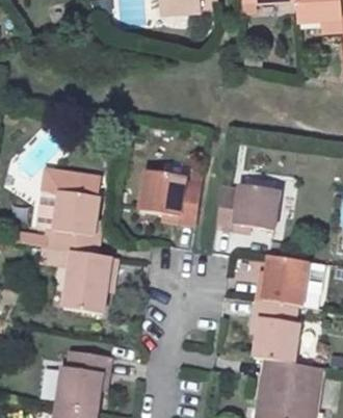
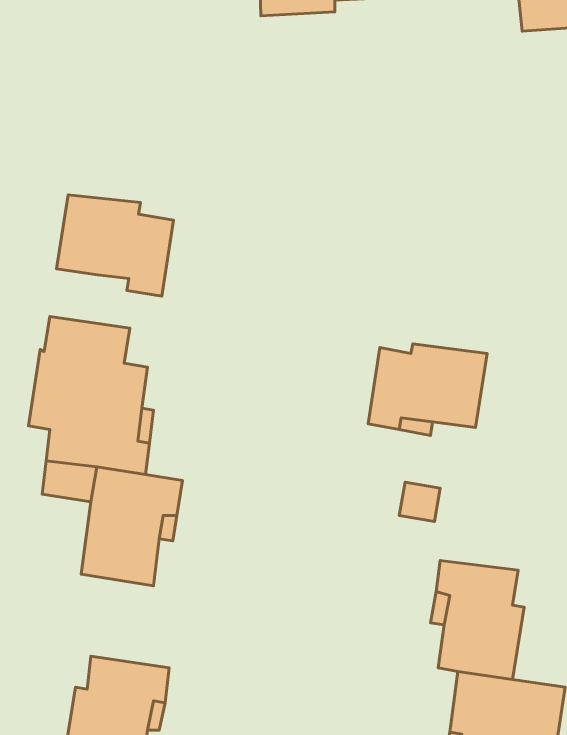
building: [140,173,203,227] -> [56,195,174,296]
building: [256,258,310,308] -> none

